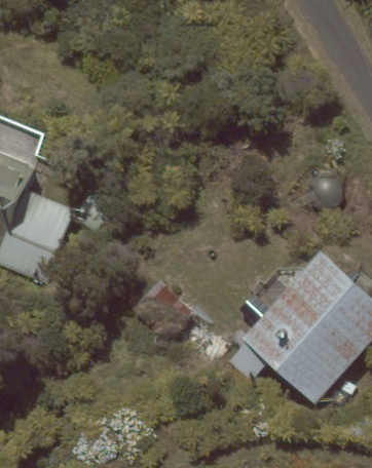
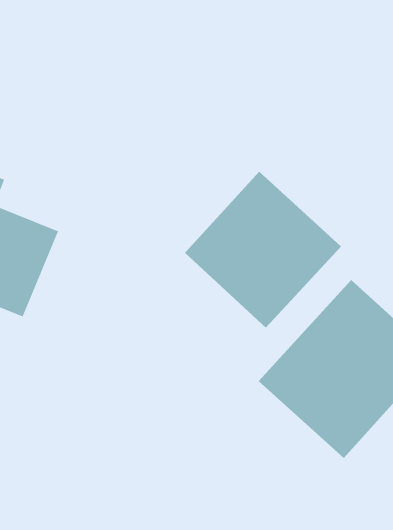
building: none -> [184,171,342,329]

